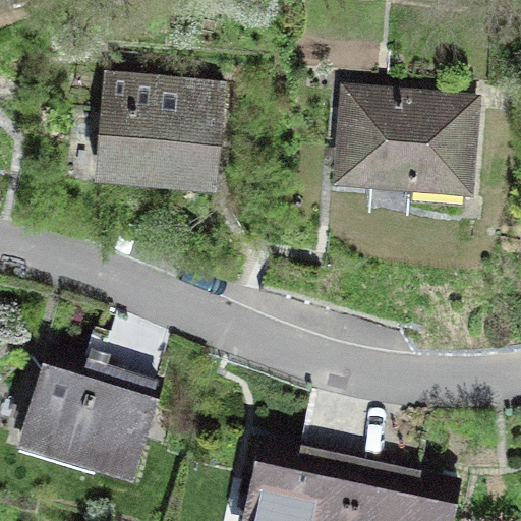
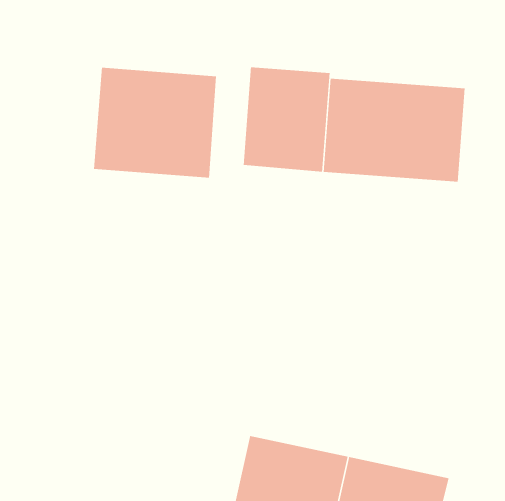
building: none -> [243,67,330,172]
building: [16,359,160,483] -> none

